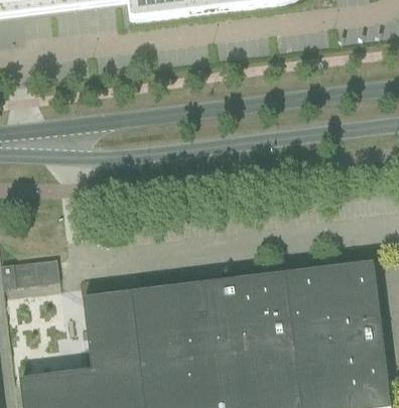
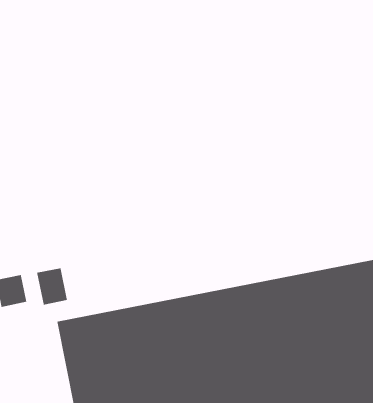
building: none -> [37,267,68,305]

